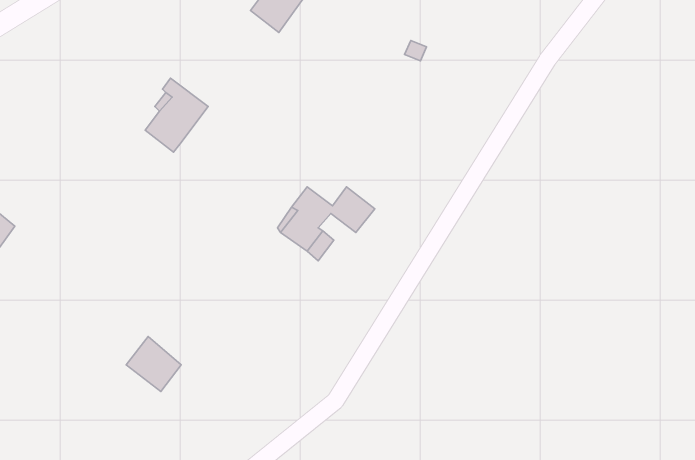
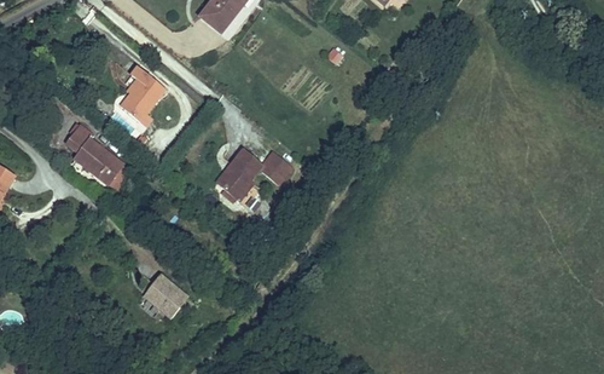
building: none -> [71,132,127,191]
building: [126,336,181,392] -> [150,282,192,324]

